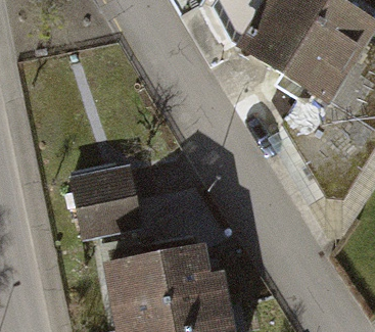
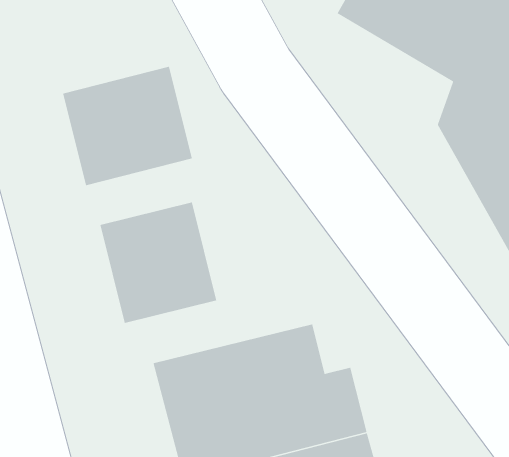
building: none -> [62,66,193,186]

